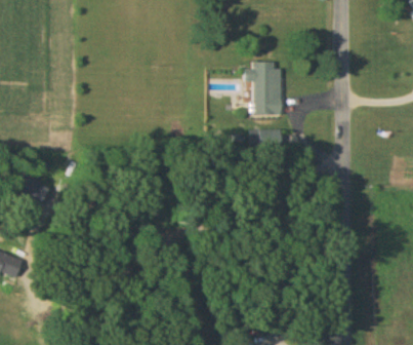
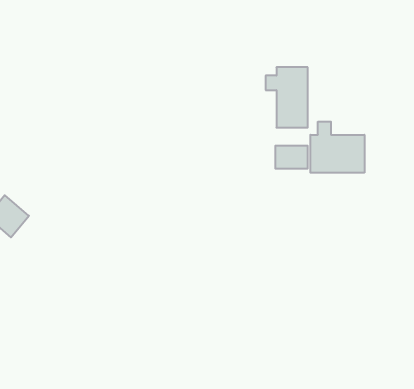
building: none -> [310,122,364,173]

